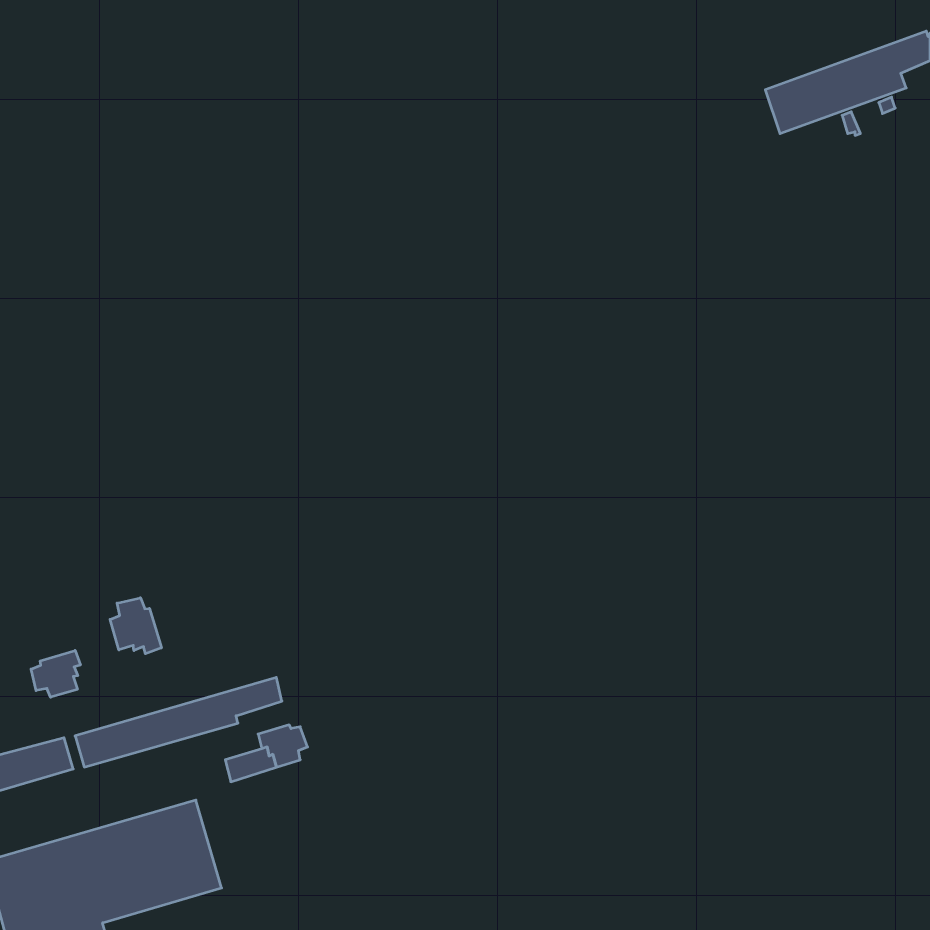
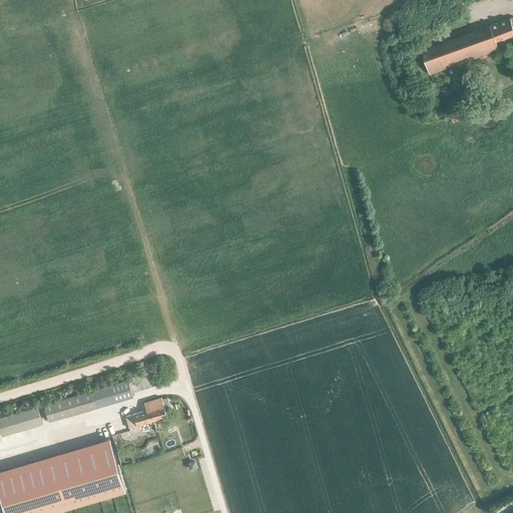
building: [110,598,161,654] -> none
building: [31,650,80,697] -> none

